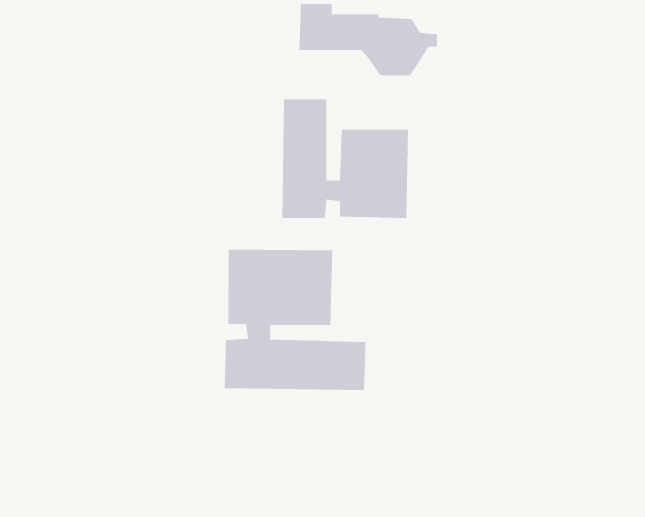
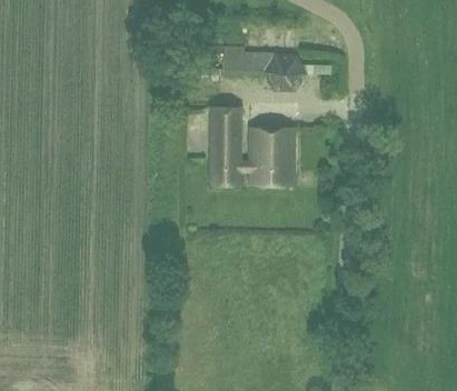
building: [224,249,366,391] -> none

